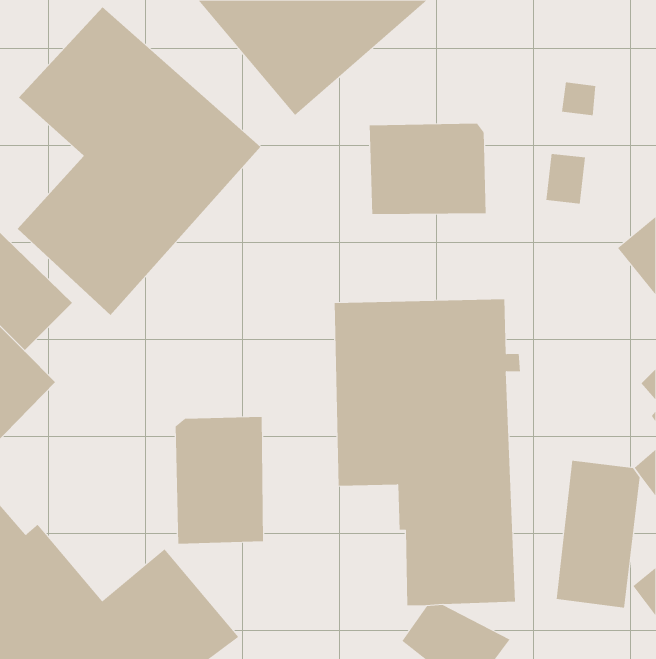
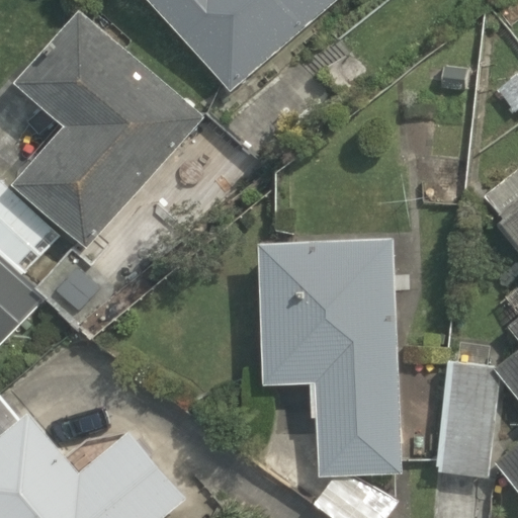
building: [369,123,486,215] -> none
building: [175,416,264,545] -> none

